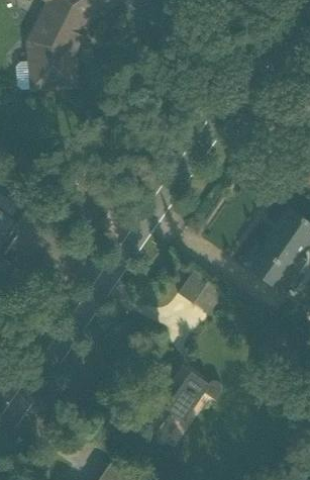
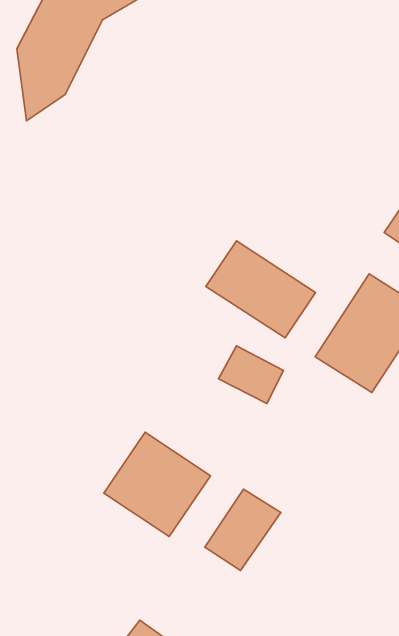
building: none -> [206,241,316,338]
building: none -> [104,432,210,537]

